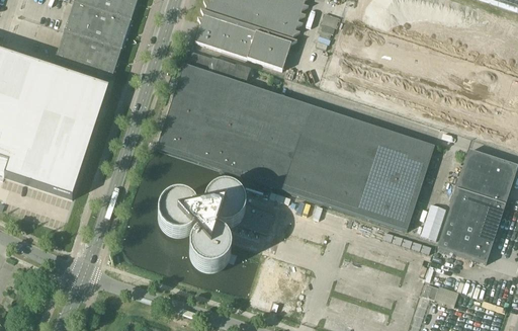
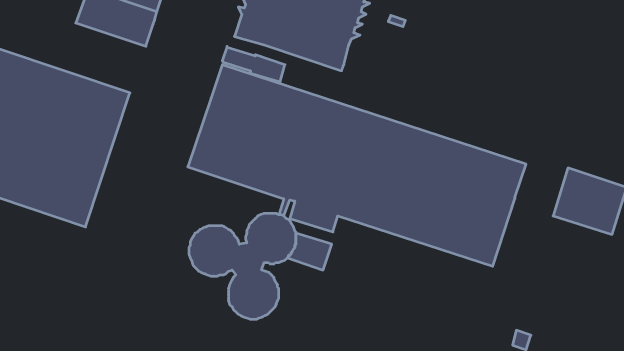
building: [55,28,121,76] -> none
building: [437,187,505,261] -> none

